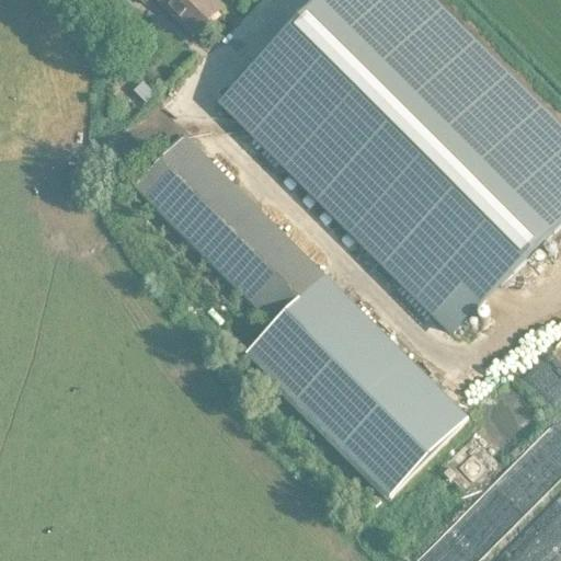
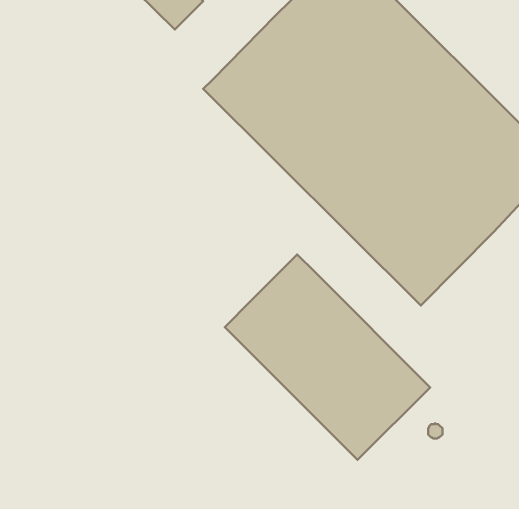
building: [133,133,322,322] -> none

